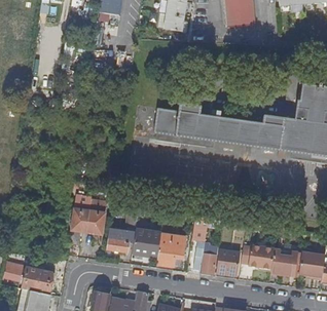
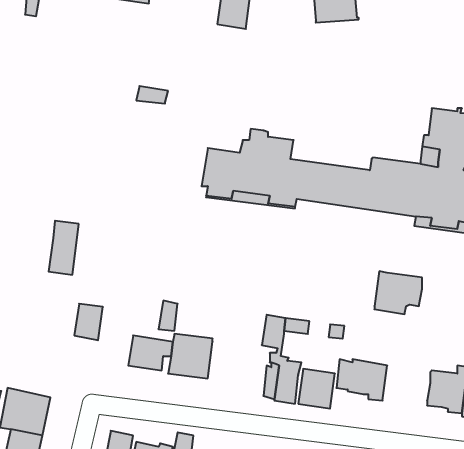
building: [86,199,106,234] -> [49,221,79,275]
building: [156,233,186,266] -> none
building: [270,248,301,276] -> [374,271,422,314]

